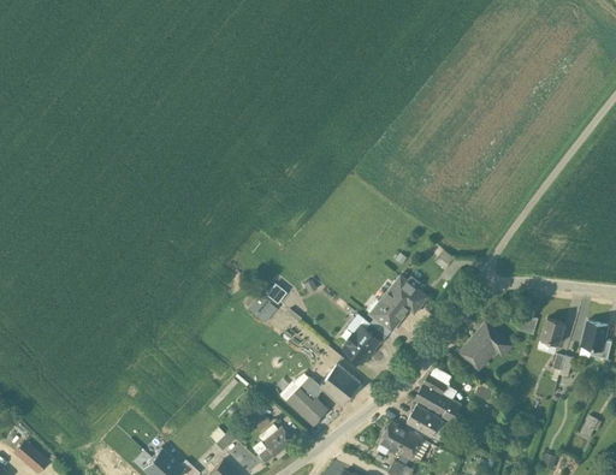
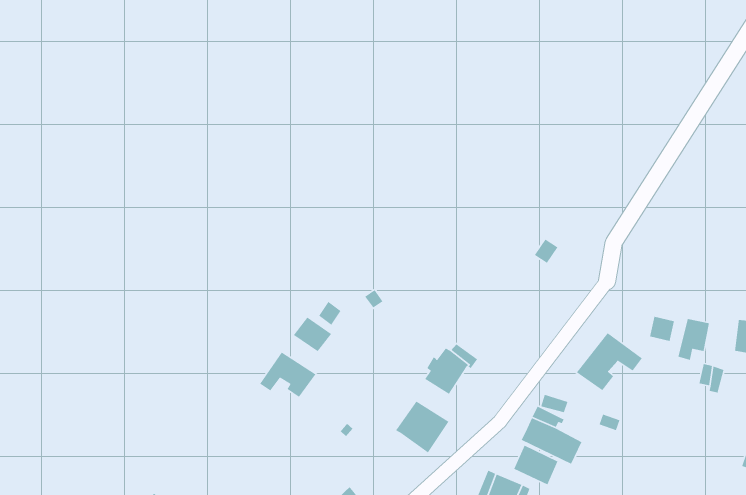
building: [371,275,427,331] -> none
building: none -> [259,352,317,398]
building: [285,375,328,426] -> none

